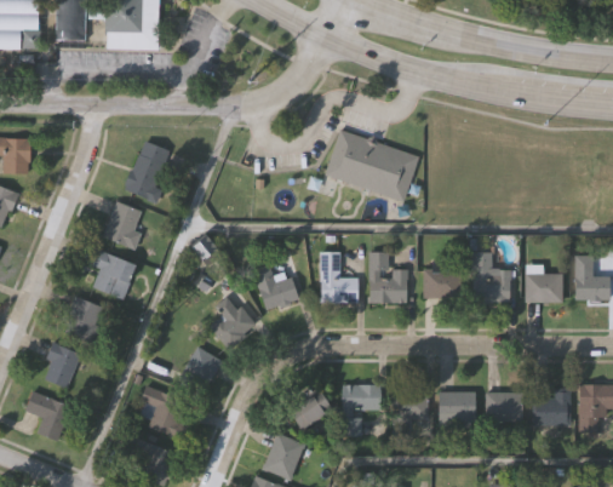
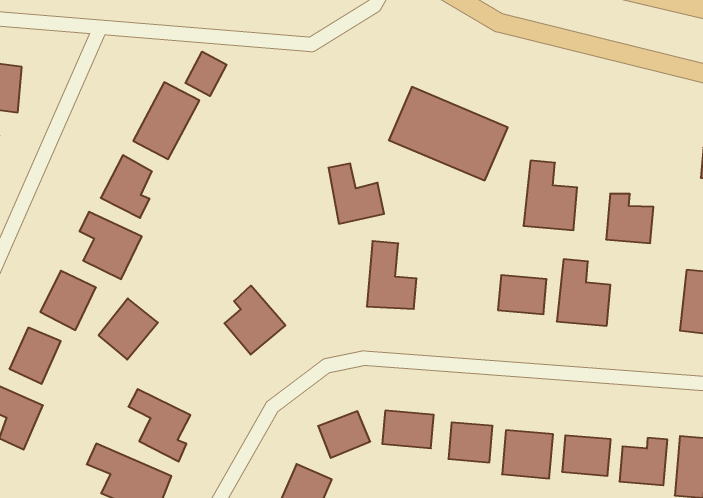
building: none -> [185,52,227,96]
building: [368,253,408,305] -> [523,161,577,230]
building: [252,264,299,313] -> [328,164,384,224]
building: [525,267,560,304] -> [606,194,653,243]
building: [177,346,223,395] -> [99,298,158,360]

